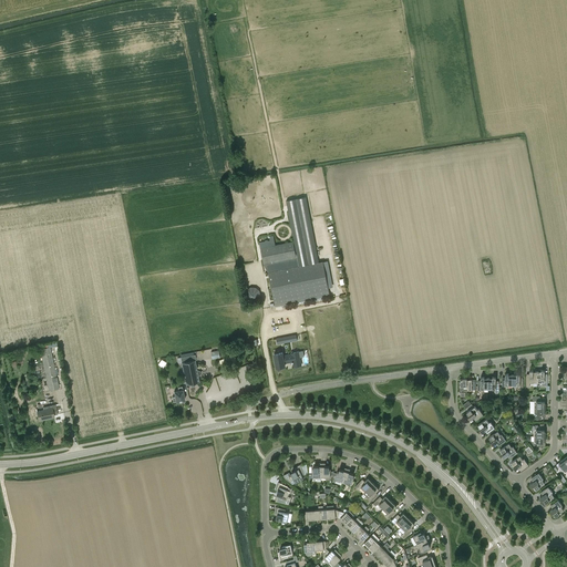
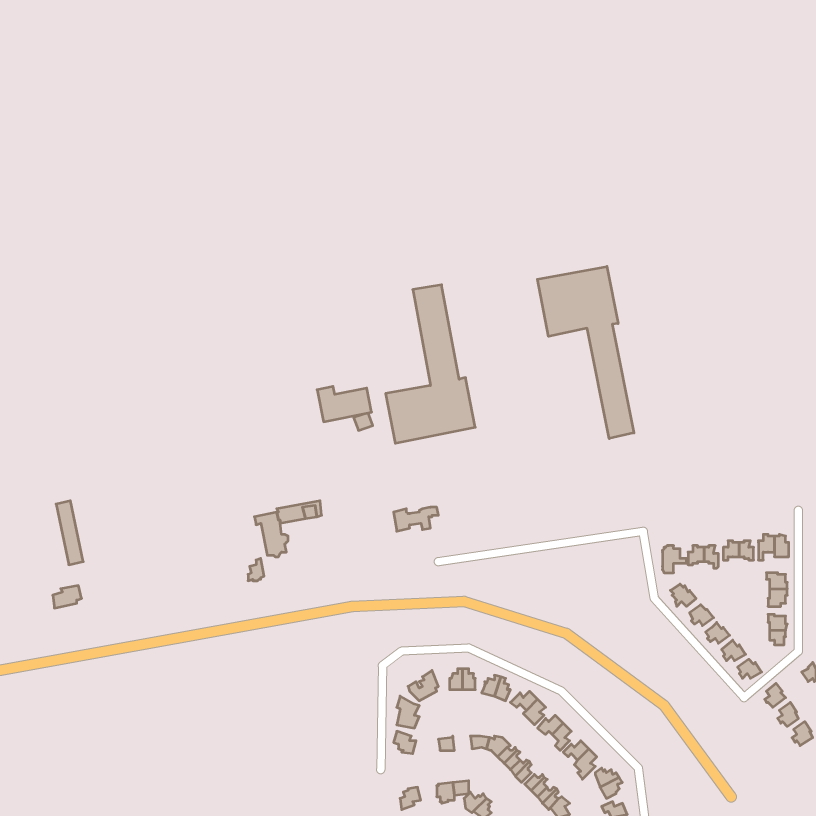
building: none -> [537,266,634,439]
building: [258,241,296,266] -> [317,386,372,422]

